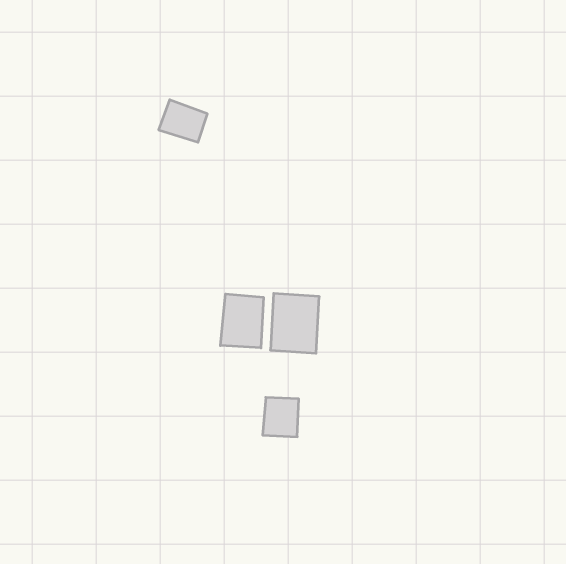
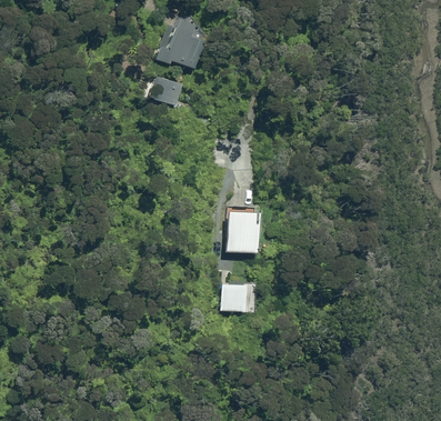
building: none -> [154,19,202,68]
building: [220,294,263,348] -> none

